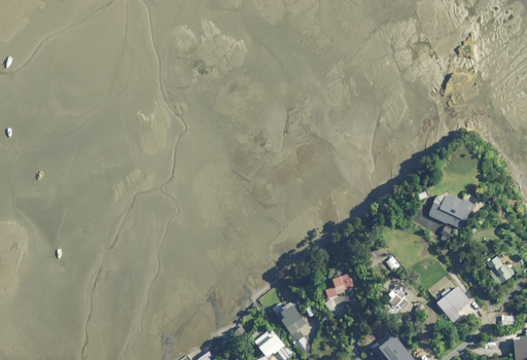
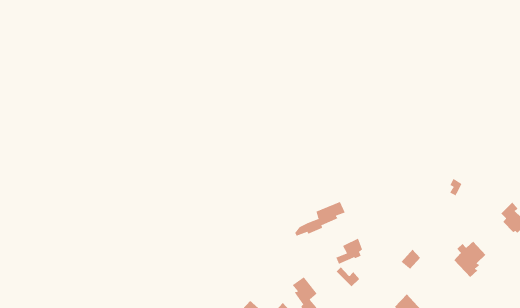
building: [429,192,472,228] -> none
building: none -> [295,201,345,237]

